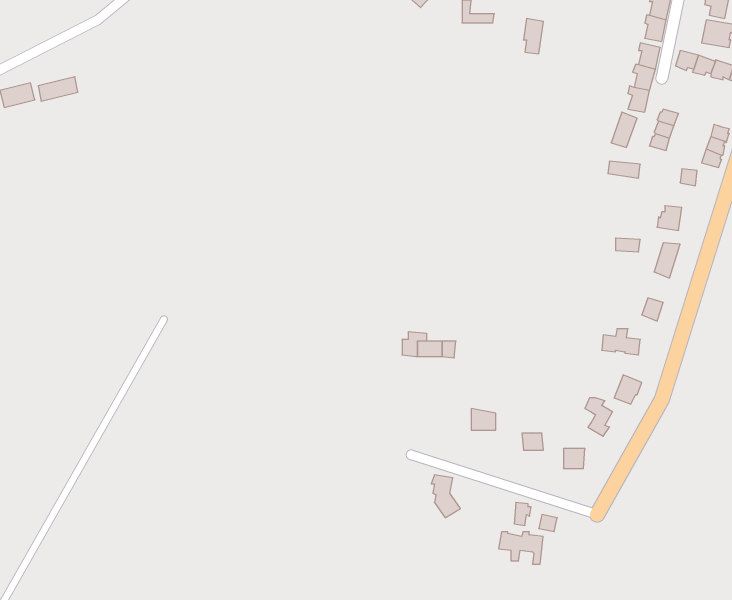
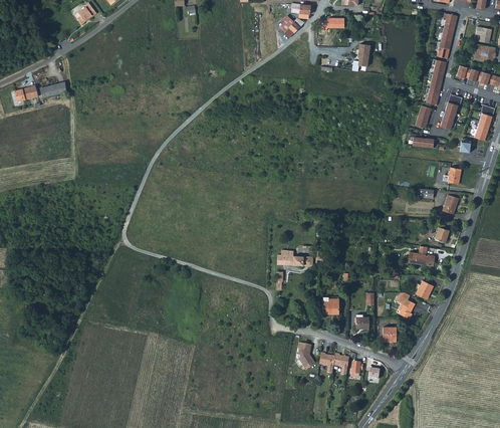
building: [499,532,543,564] -> [318,353,347,374]

